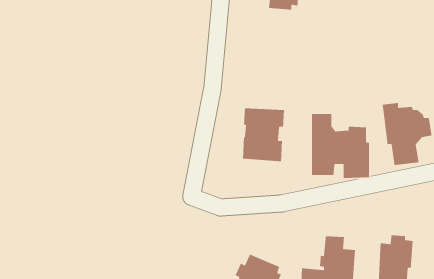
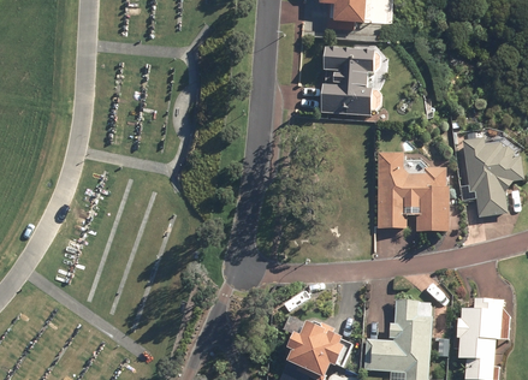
building: [242,107,285,162] -> [321,48,373,114]

